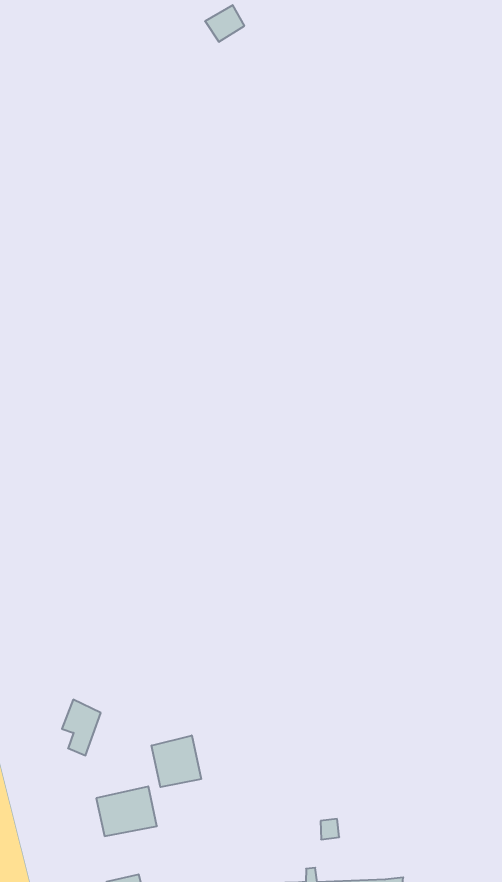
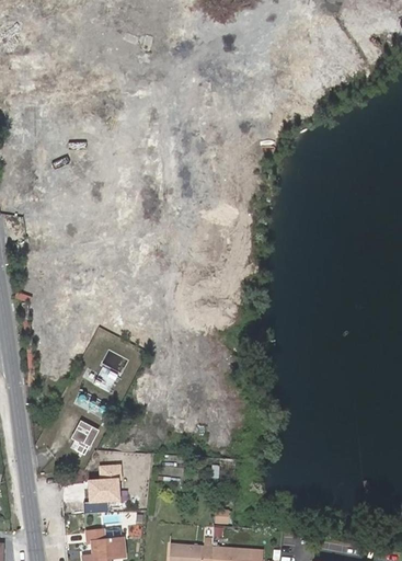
building: [152,735,201,787] -> none

